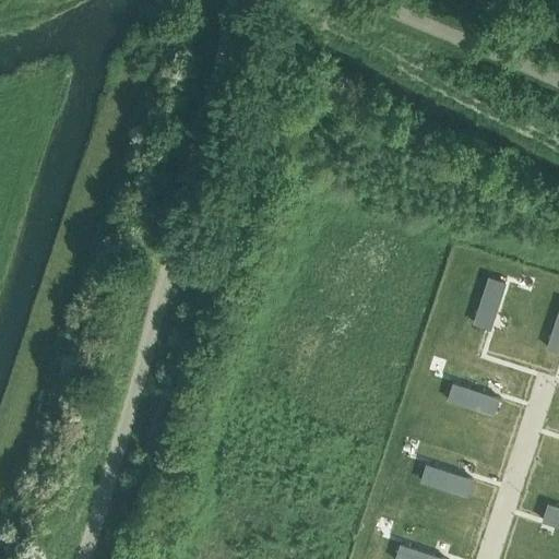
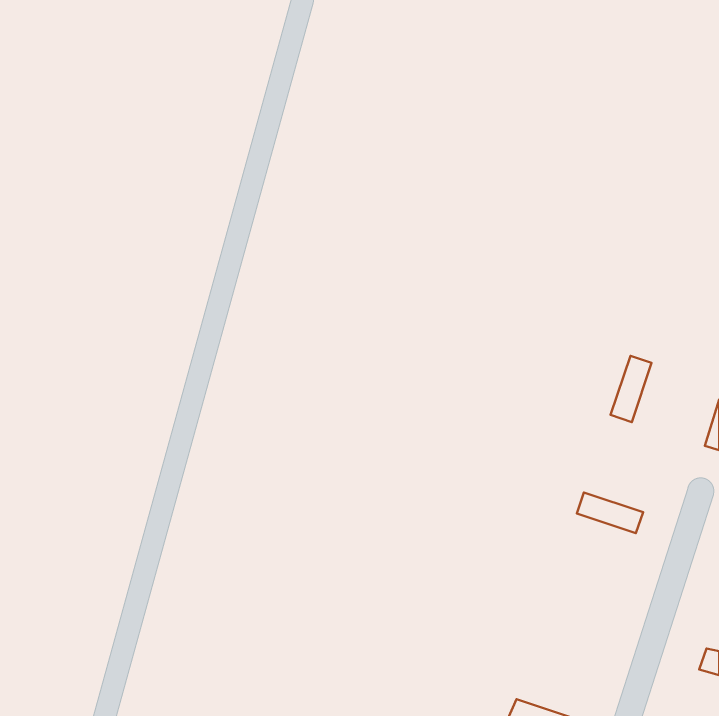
building: [421,465,473,497] -> none

